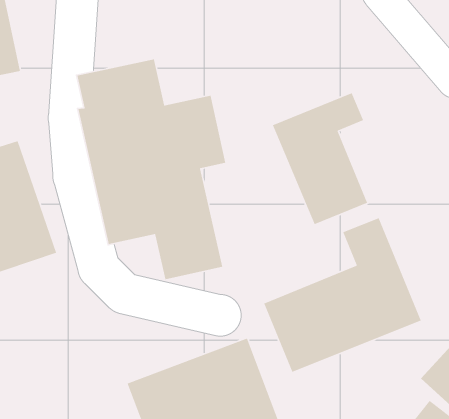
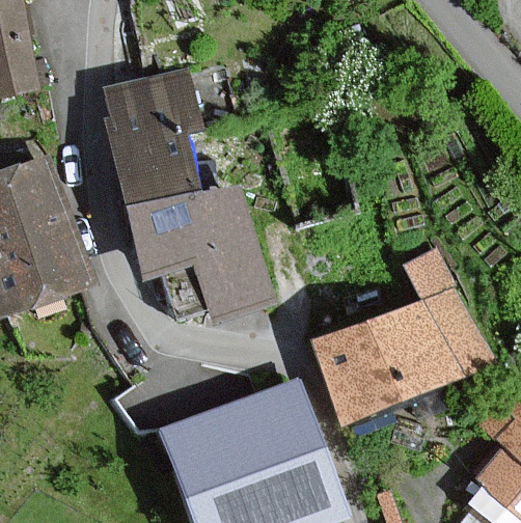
building: [272,92,368,225] -> none

